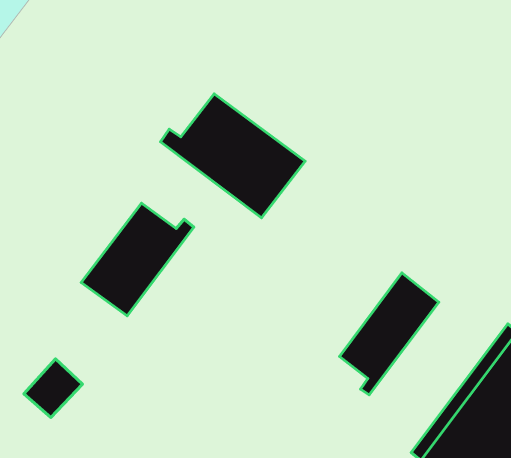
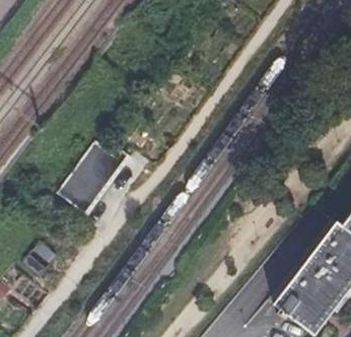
building: [160,94,305,218] -> none
building: [340,273,439,395] -> none

